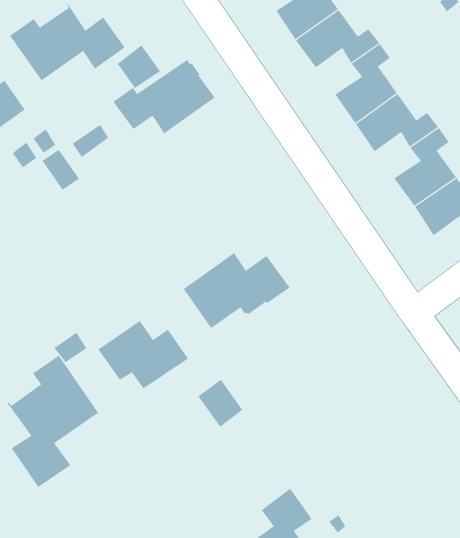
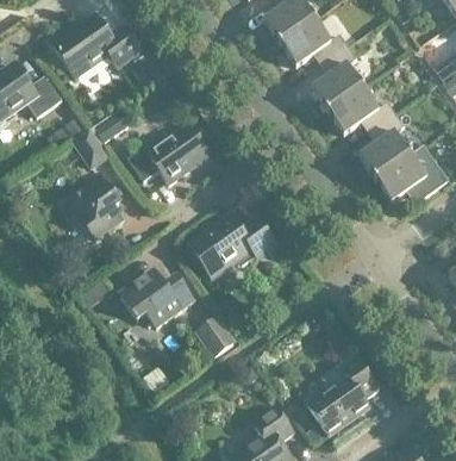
building: [112,59,215,134] -> [127,123,211,183]
building: none -> [64,172,118,236]
building: [7,355,99,488] -> none
building: none -> [310,353,377,434]

